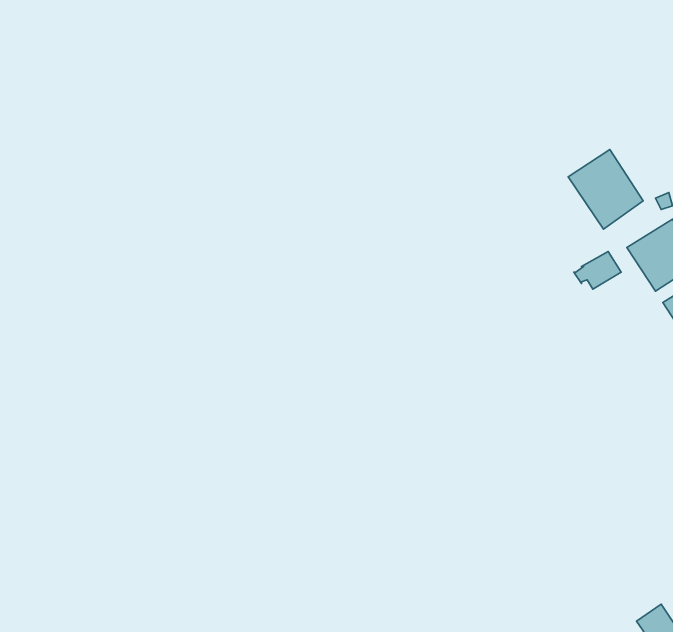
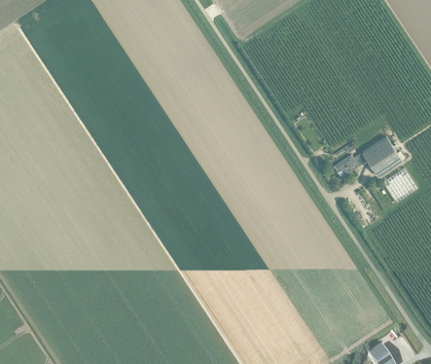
building: [568,150,643,229] -> none

